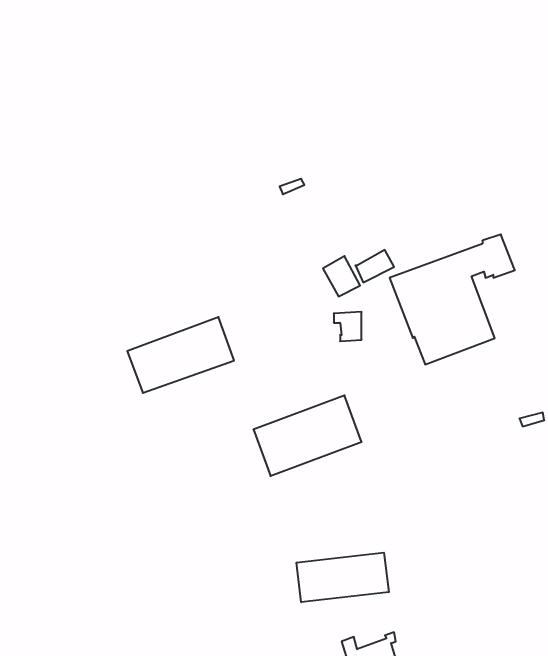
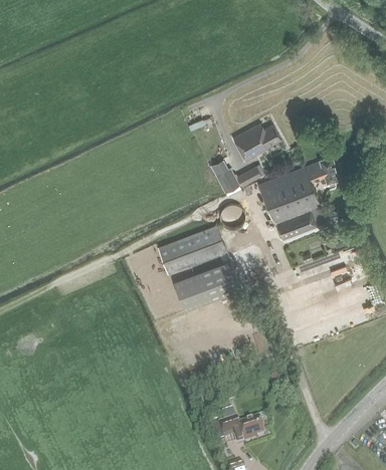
building: none -> [232,123,280,160]
building: [127,317,234,393] -> [157,224,226,273]
building: [296,553,389,602] -> none

